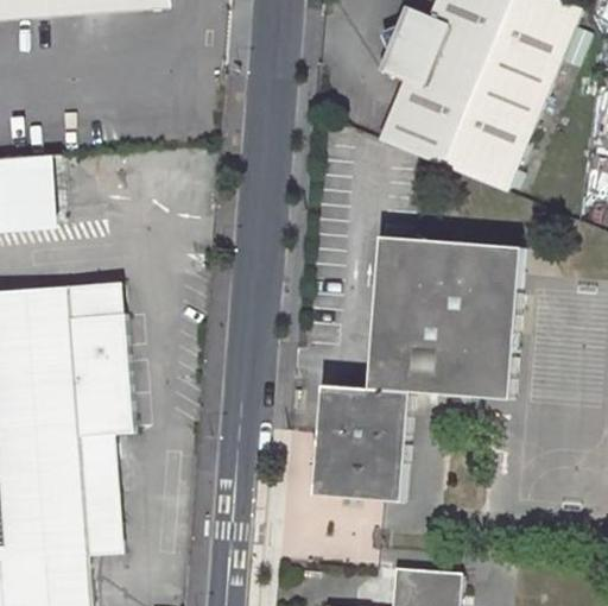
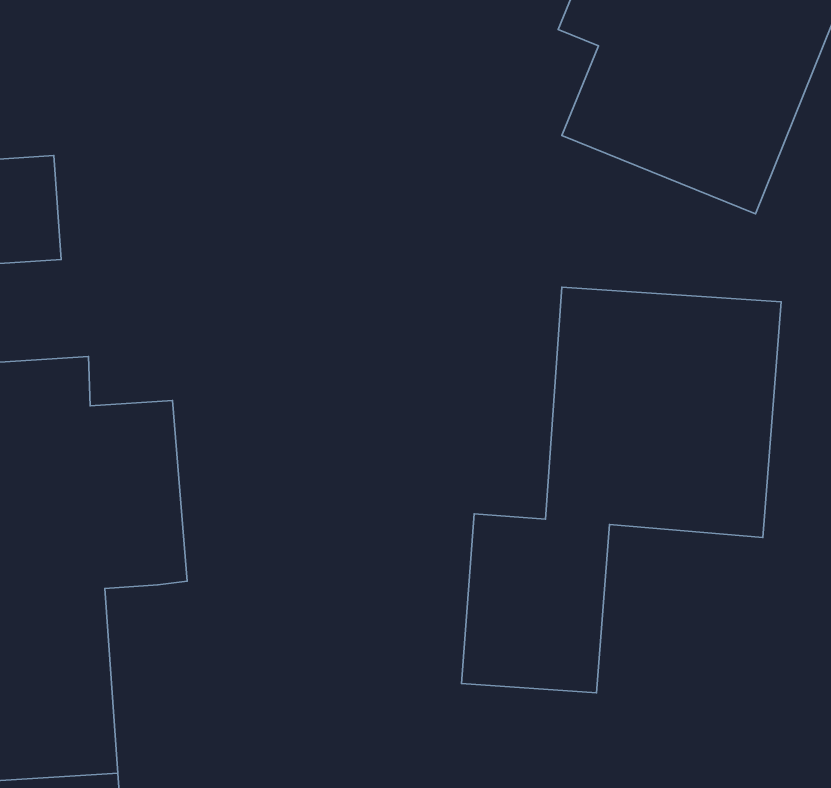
building: [70,279,125,315] -> none
building: [81,431,125,554] -> none

